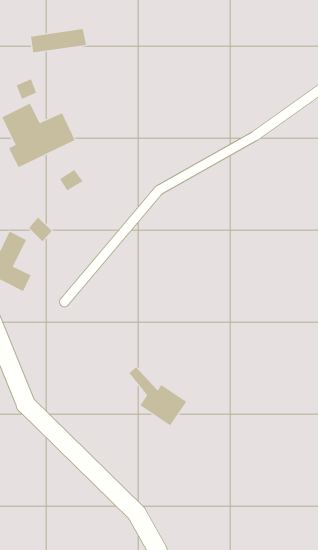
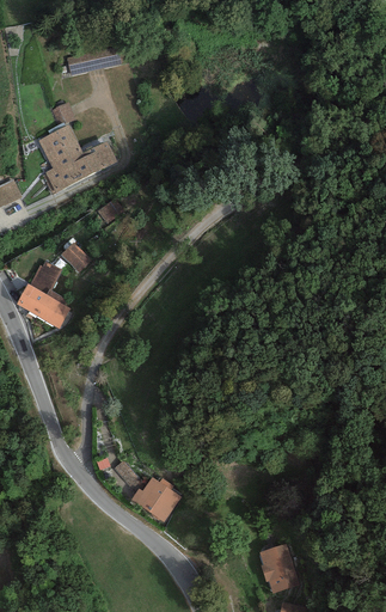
building: [129,366,187,426] -> [115,458,178,522]
building: none -> [258,543,300,593]

